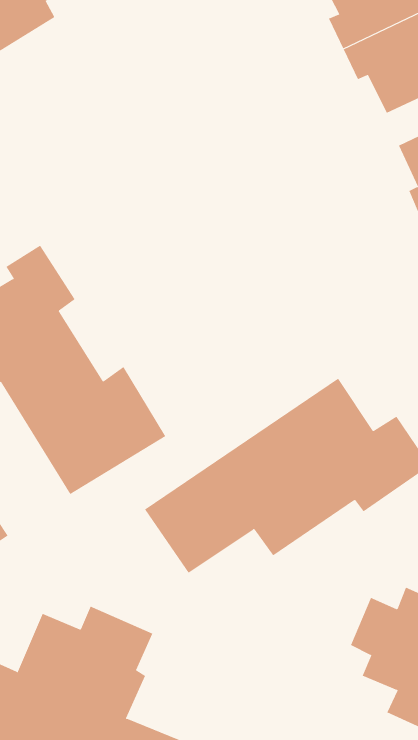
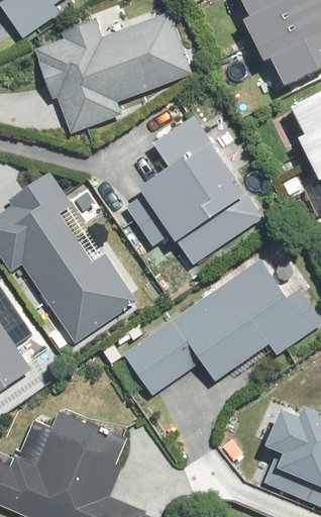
building: none -> [34,8,189,131]
building: none -> [135,116,261,269]

